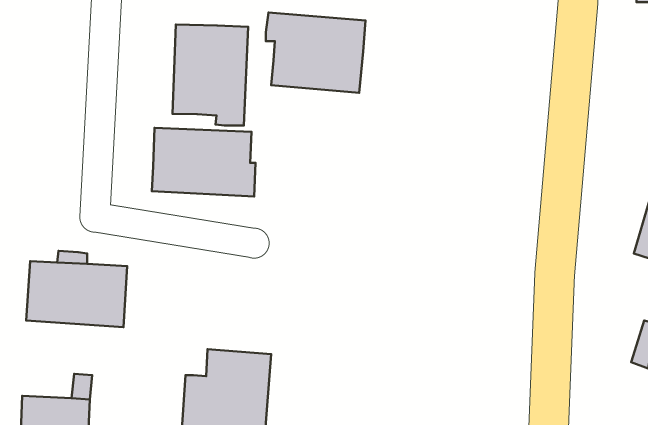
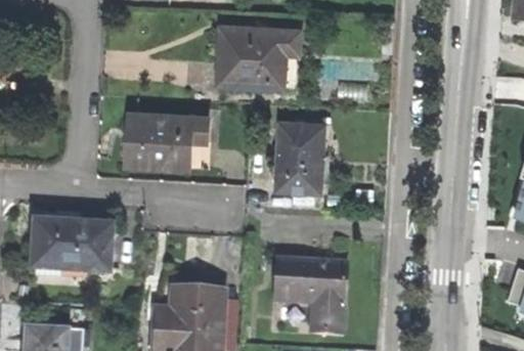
building: [173,24,248,126] -> none
building: none -> [276,121,322,189]
building: none -> [273,260,347,336]

